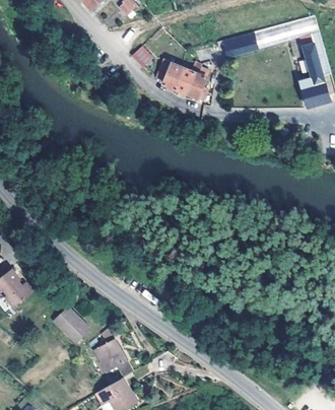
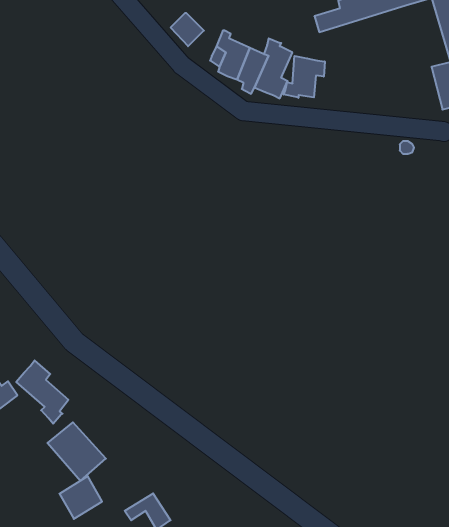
building: none -> [284,56,325,98]
building: none -> [16,360,68,424]
building: [93,338,121,365] -> [59,476,102,519]

